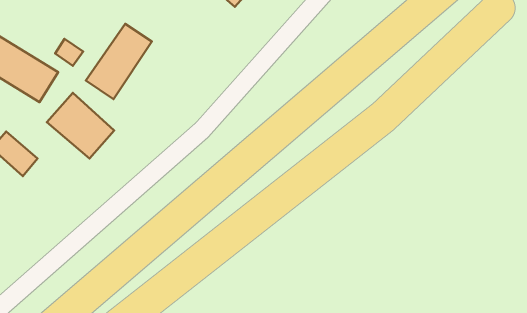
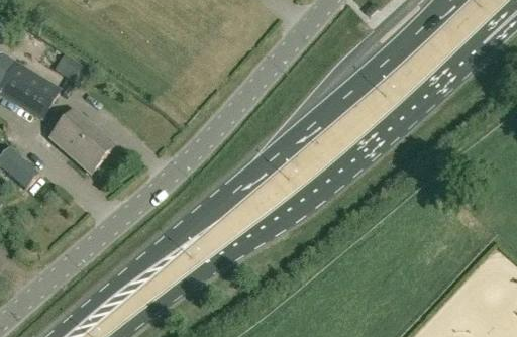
building: [86,24,152,99] -> none

